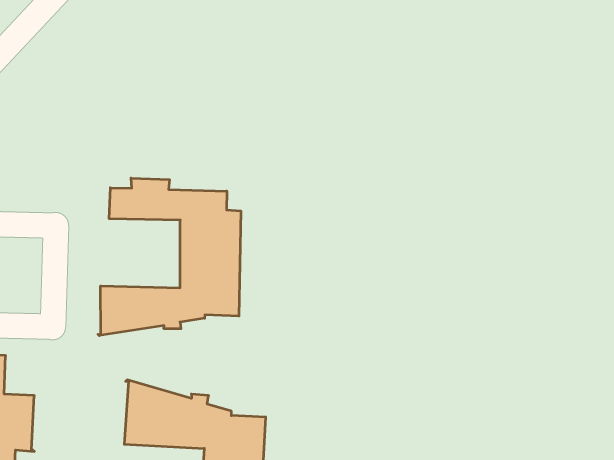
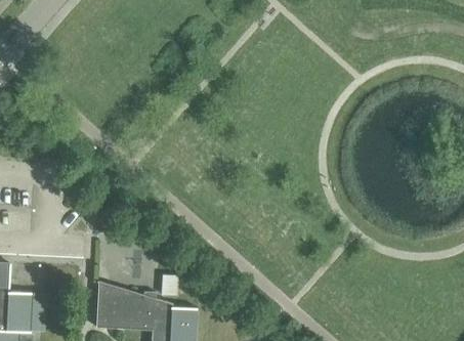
building: [98,178,241,336] -> none

